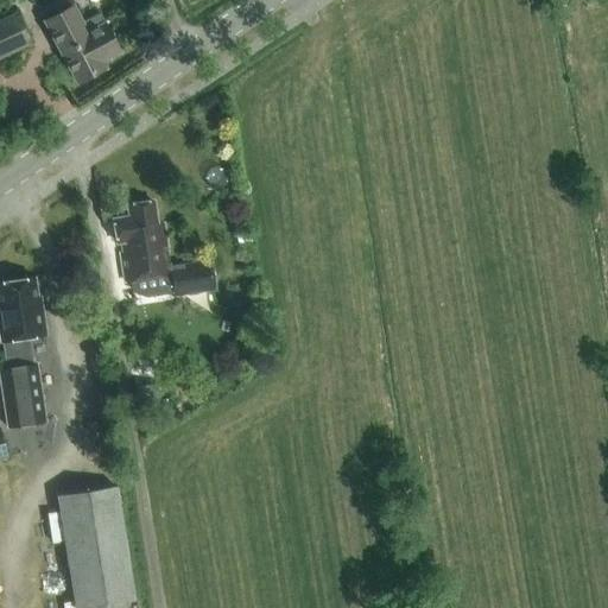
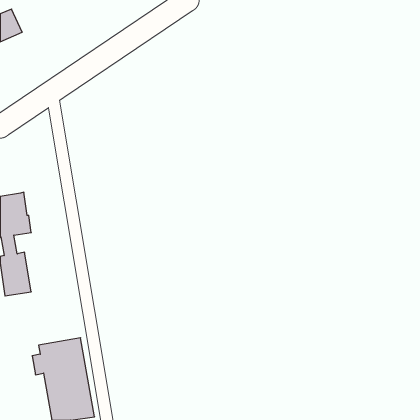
building: [44,6,119,83] -> none
building: [114,203,214,298] -> none

